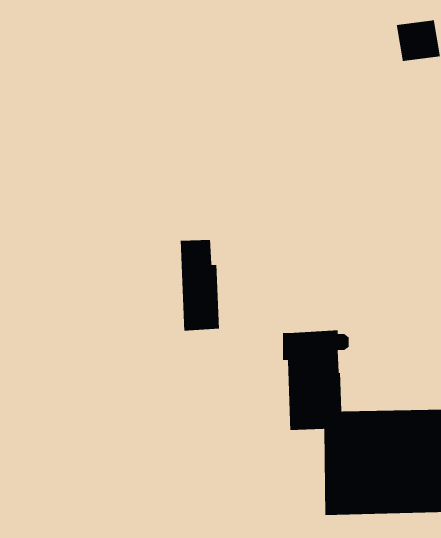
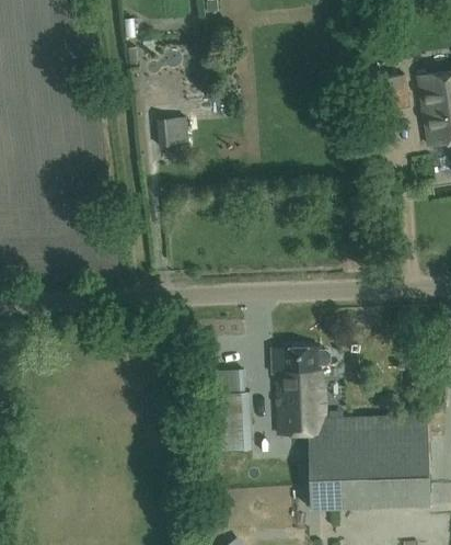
building: none -> [158,116,189,146]
building: [180,239,220,332] -> [215,371,250,452]

